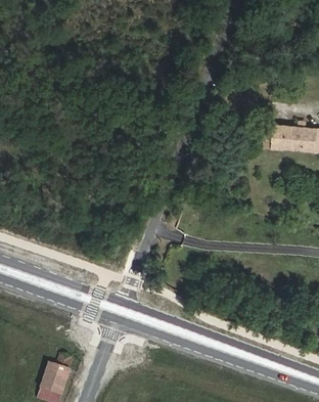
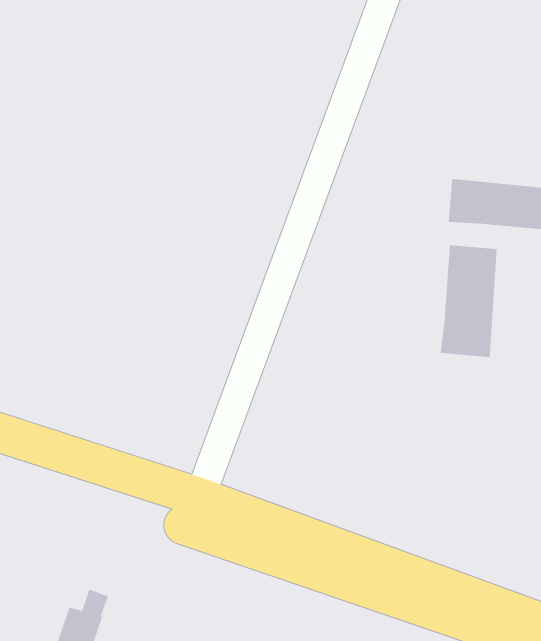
building: none -> [440,245,497,358]

